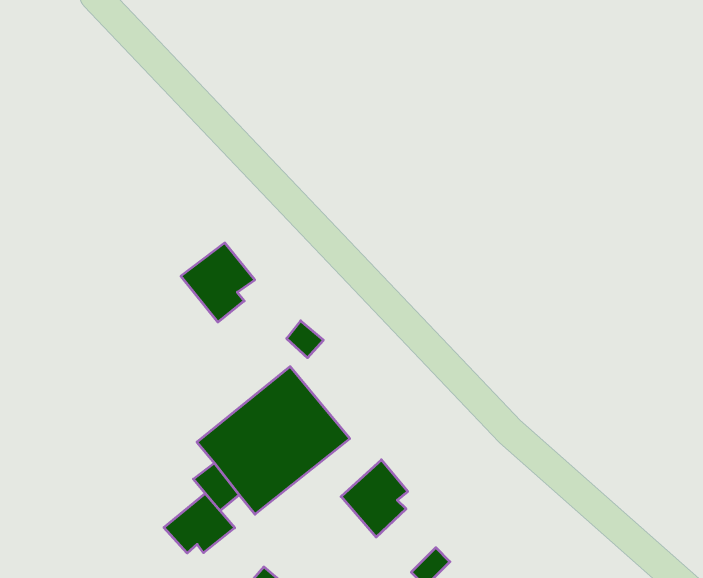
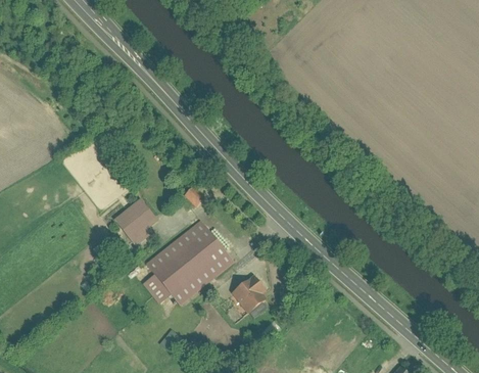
building: [181,243,255,322] -> [113,199,156,245]
building: [164,494,235,553] -> none

